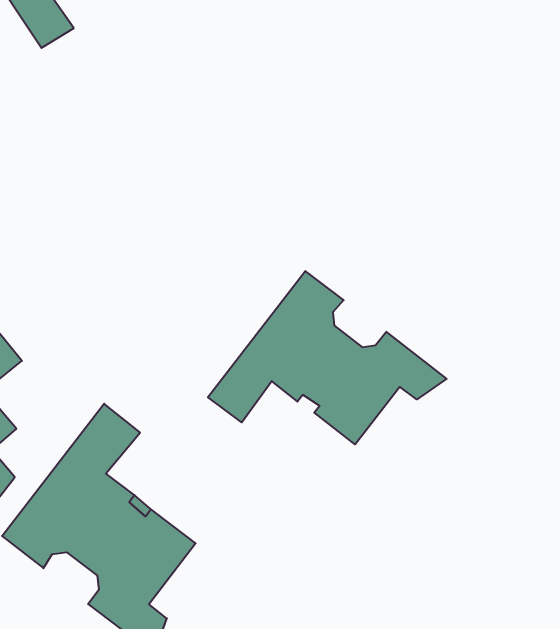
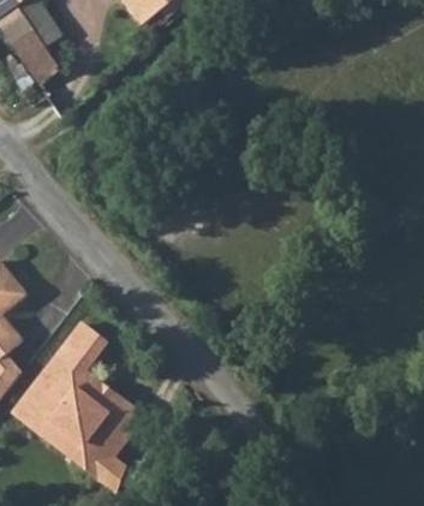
building: [208,271,447,444] -> none

